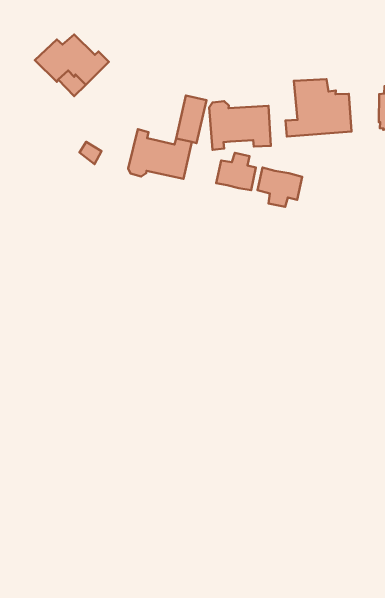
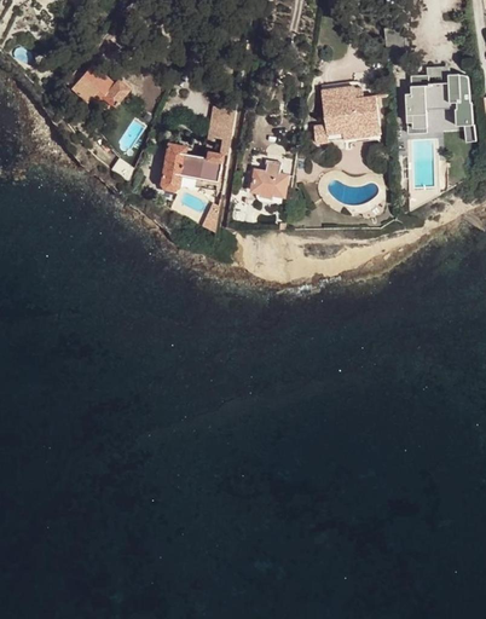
building: [209,101,271,150] -> none
building: [258,168,302,207] -> none

